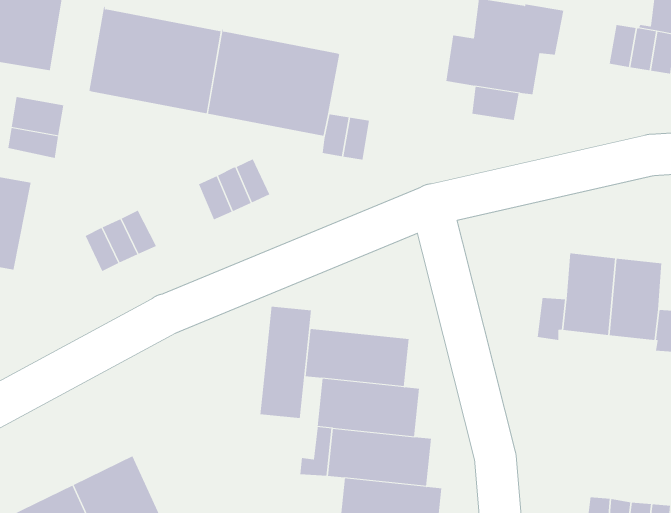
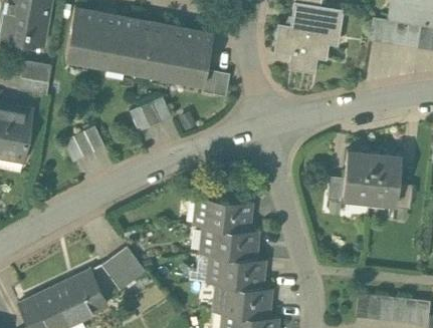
building: [260,306,312,419] -> none
building: none -> [101,247,145,290]

